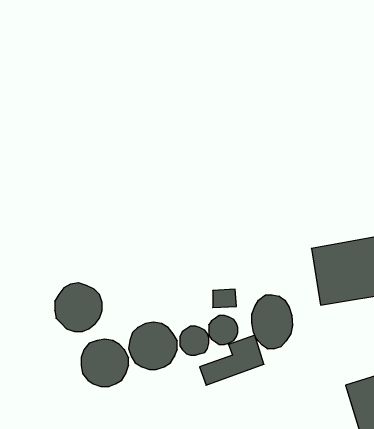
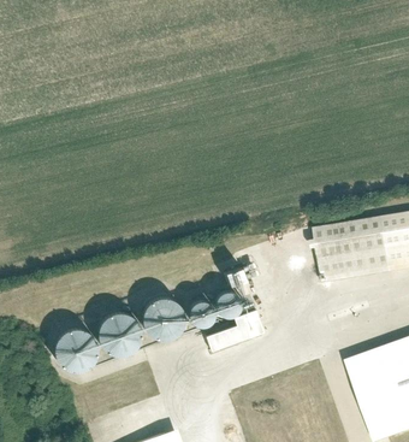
building: [55,283,102,331] -> [57,329,100,373]
building: [252,295,292,349] -> none

